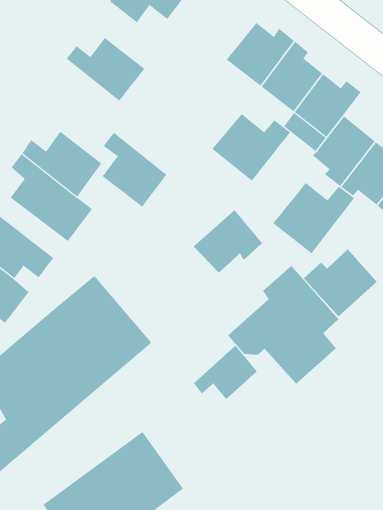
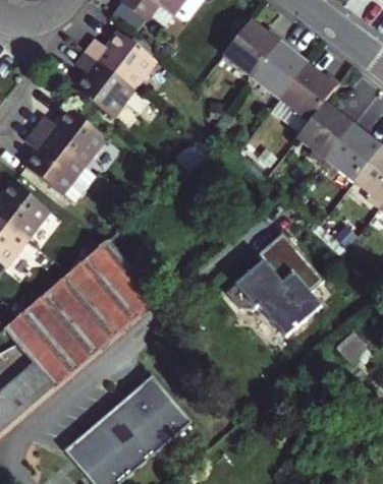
building: [212,113,291,181] -> none
building: [102,132,167,208] -> [73,52,130,118]
building: [272,182,355,254] -> none
building: [193,210,263,273] -> none
building: [303,248,378,317] -> none
building: [193,345,258,400] -> none

